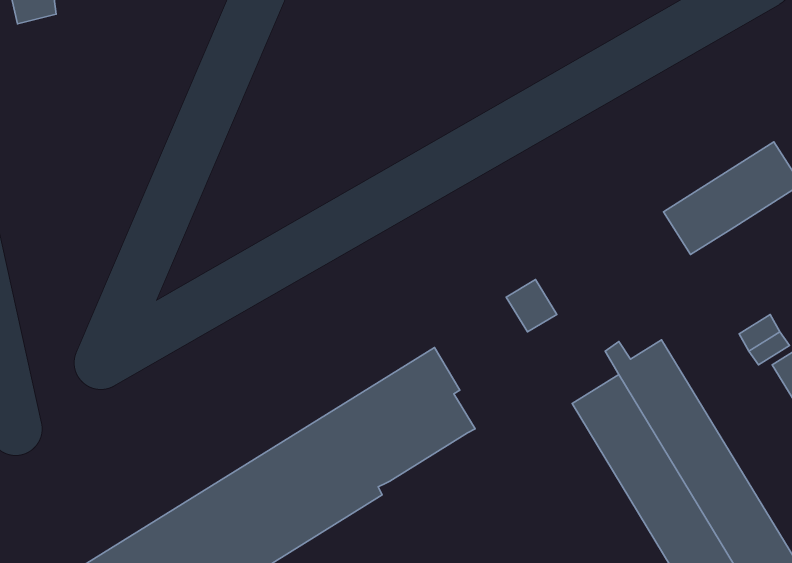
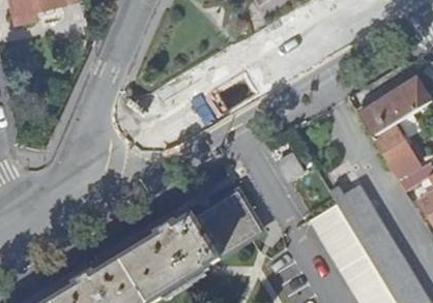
building: none -> [373,123,418,175]

